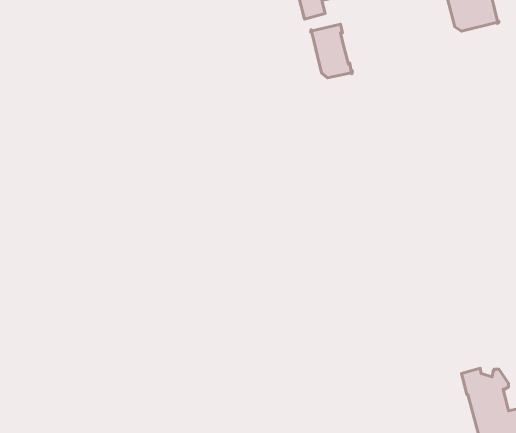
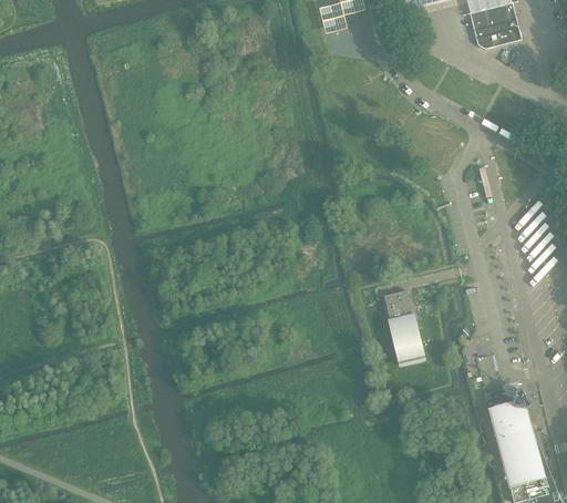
building: [311,24,353,78] -> none
building: none -> [383,290,423,366]

